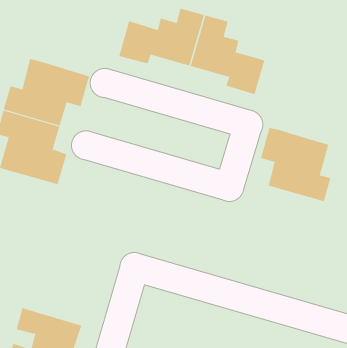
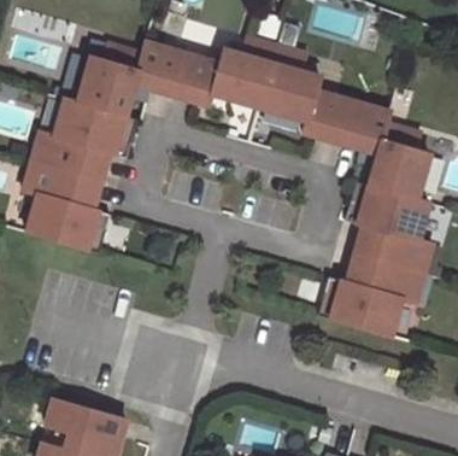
building: none -> [76,40,183,115]
building: none -> [337,99,428,198]
building: none -> [317,252,422,334]

